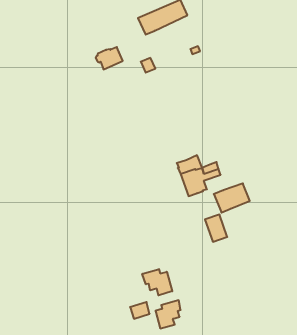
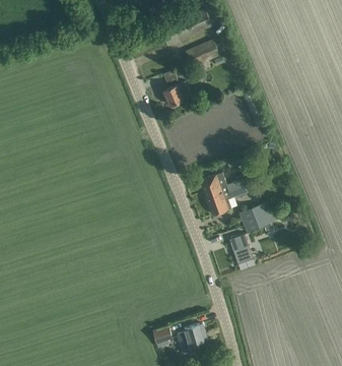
building: none -> [185,41,219,67]
building: [96,47,123,69] -> [161,82,190,106]
building: [142,269,172,295] -> none

